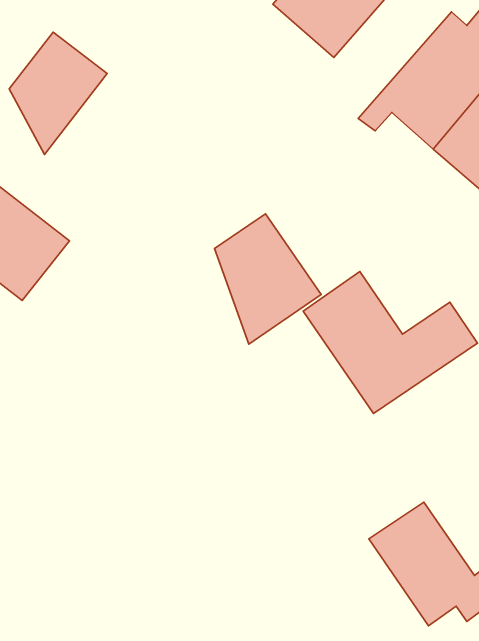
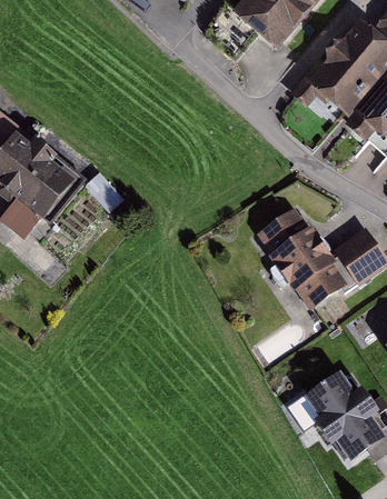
building: [9,32,107,155] -> none
building: [215,214,321,344] -> none

